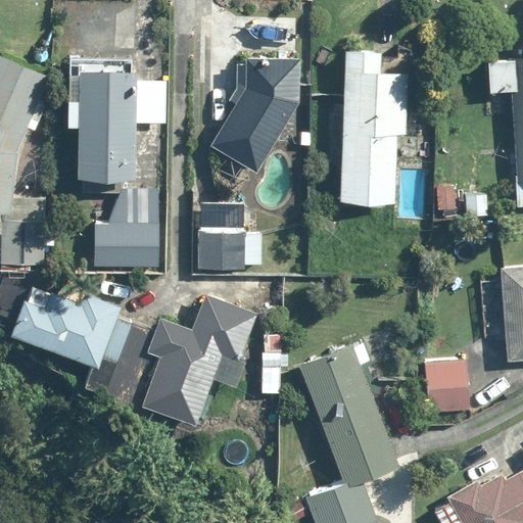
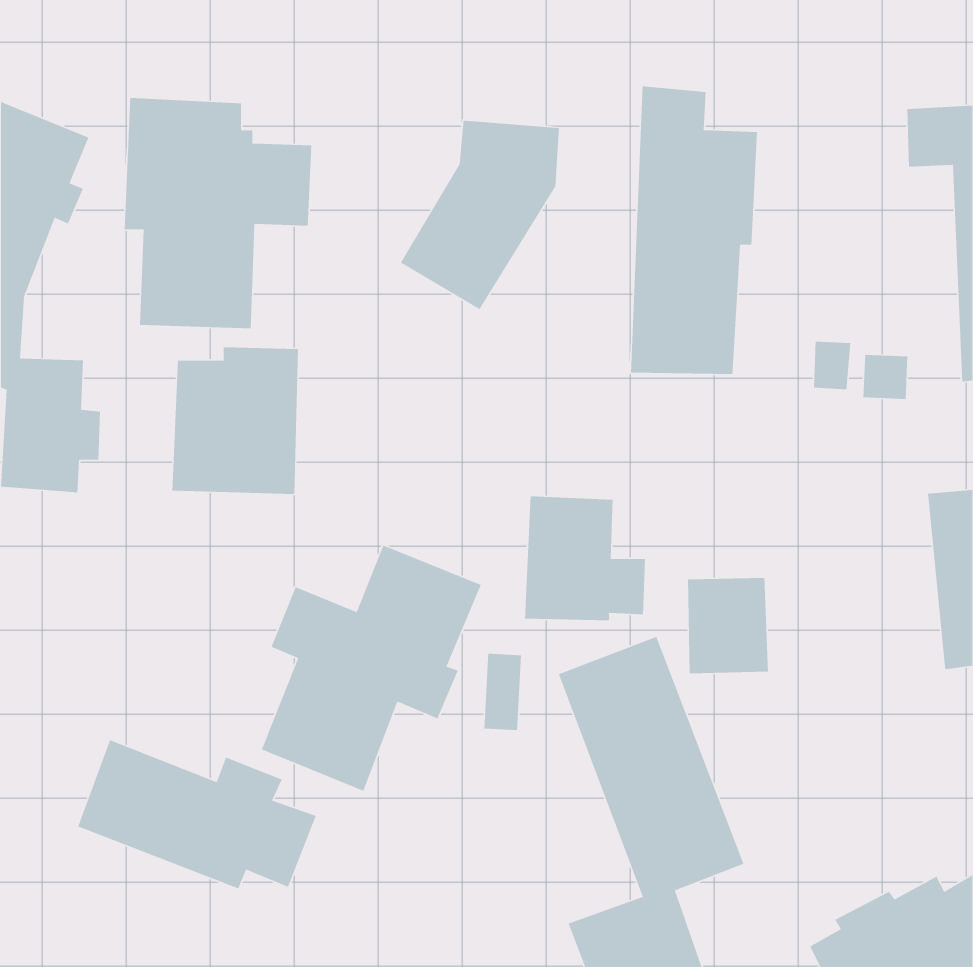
building: [197,202,263,270] -> [524,495,646,621]
building: [12,288,141,369] -> [77,739,317,890]
building: [425,360,469,412] -> [687,577,769,674]

